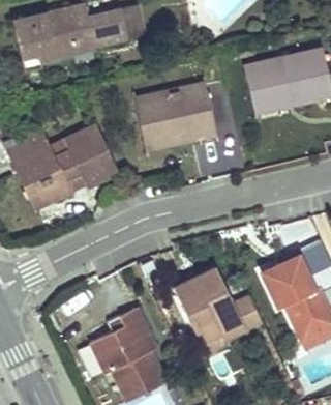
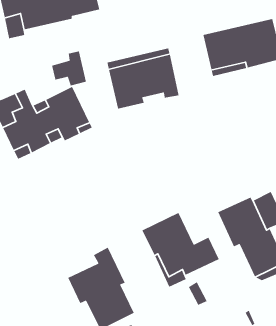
building: none -> [51,51,87,86]

